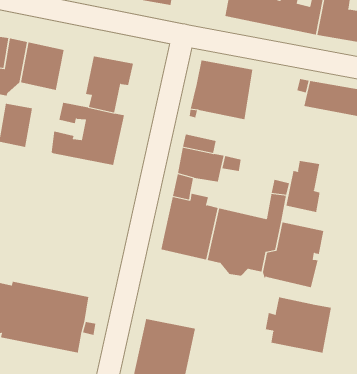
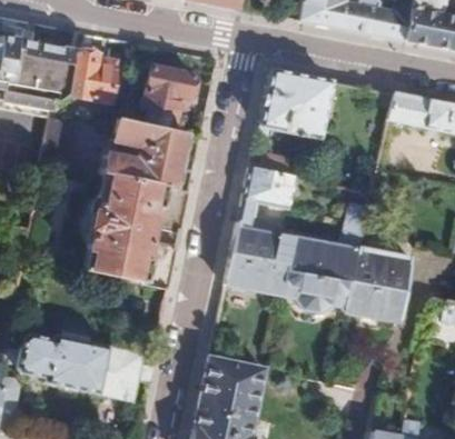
building: none -> [85,174,191,288]
building: [286,160,320,213] -> none
building: [265,296,332,354] -> none

